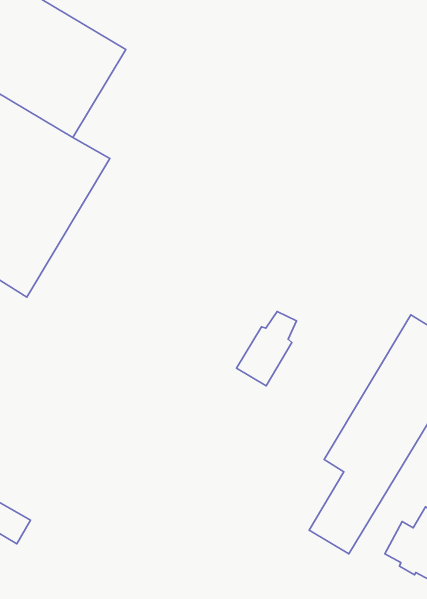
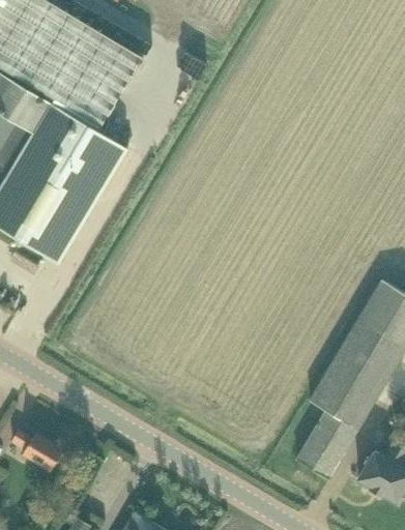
building: [236,312,297,386] -> none

